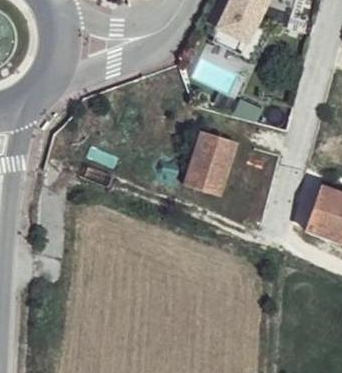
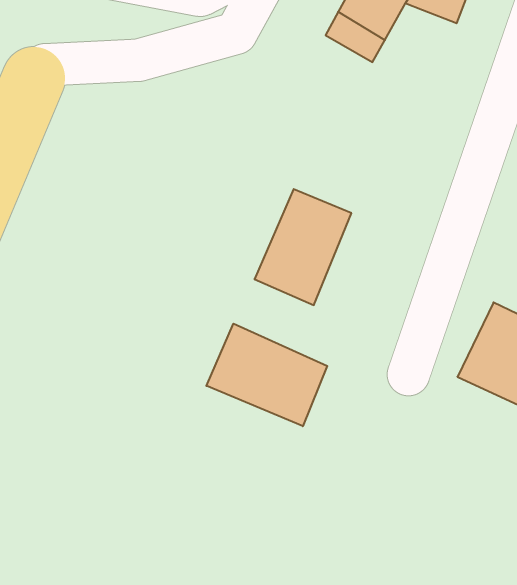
building: none -> [206,324,327,426]

